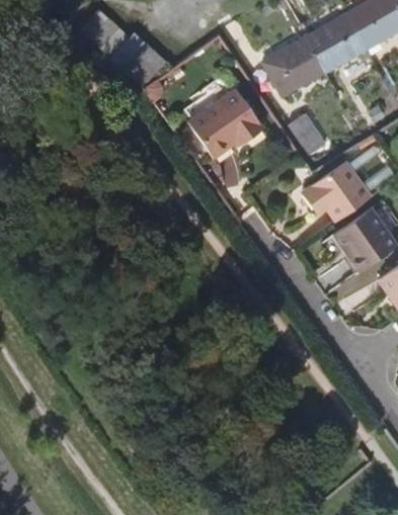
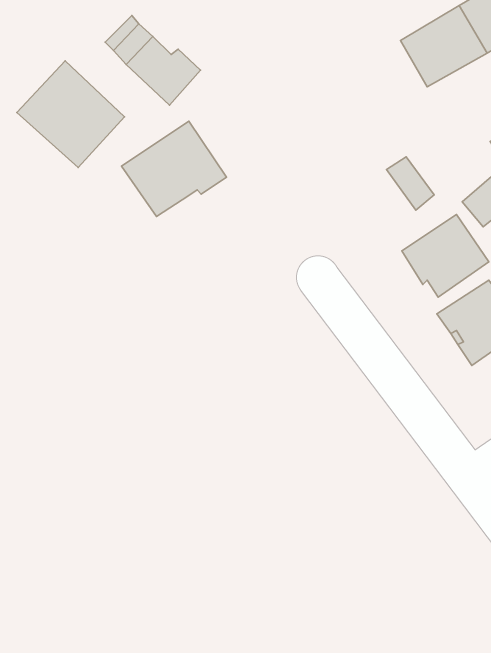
building: [263,37,326,96] -> none
building: none -> [17,61,124,167]
building: [189,88,265,157] -> [122,121,227,216]

